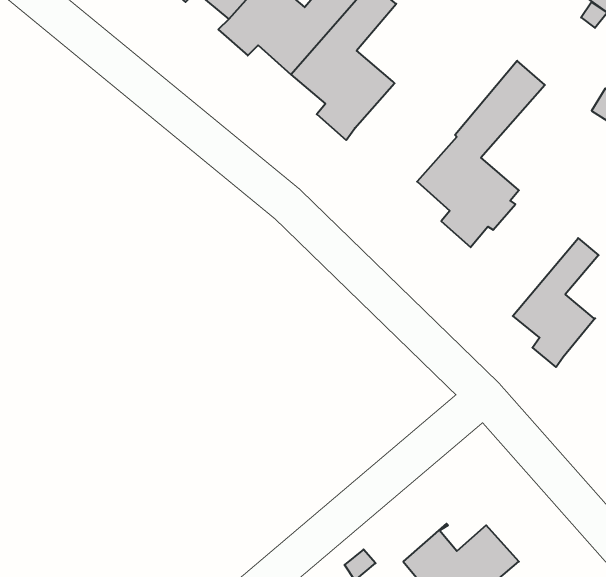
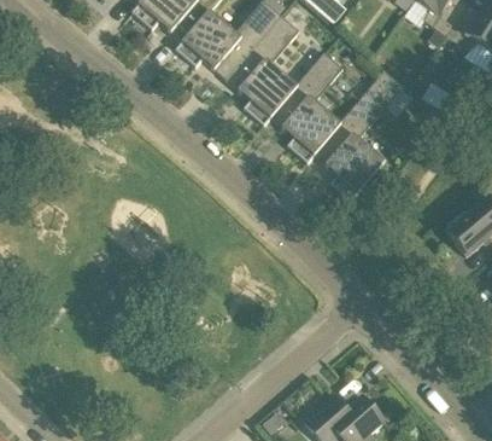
building: none -> [270,51,342,162]
building: [513,238,599,367] -> none

